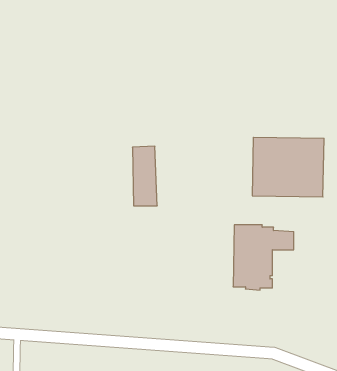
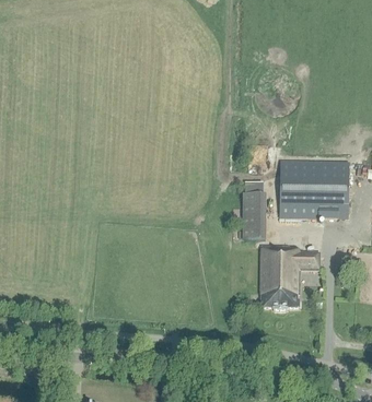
building: [132,146,157,206] -> [245,179,269,237]

